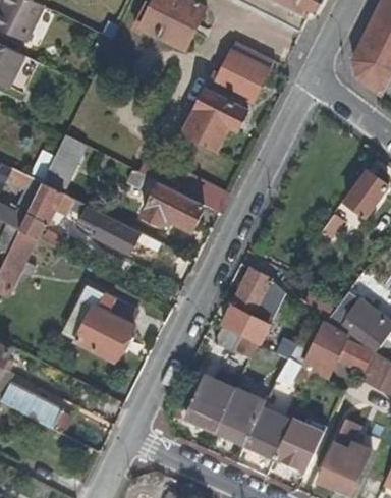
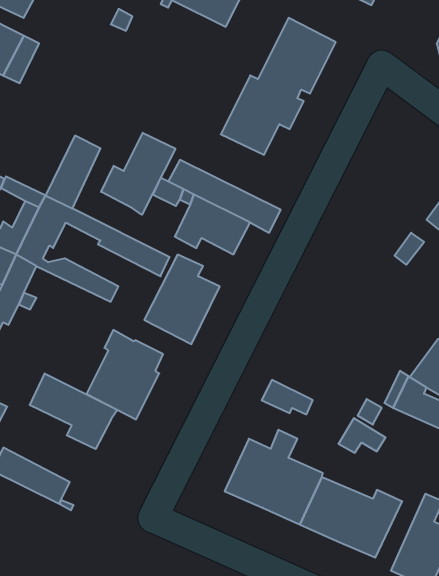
building: none -> [101,133,175,215]
building: [223,270,283,341] -> [144,255,220,344]
building: none -> [30,373,117,449]

